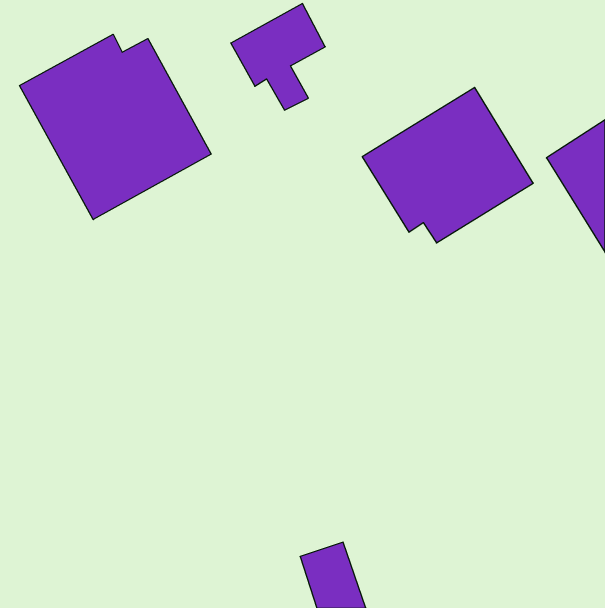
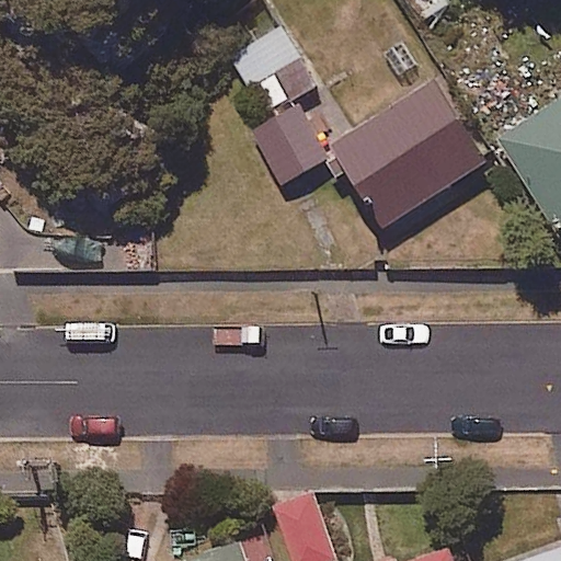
building: [20,34,211,220] -> none
building: none -> [245,96,325,182]

